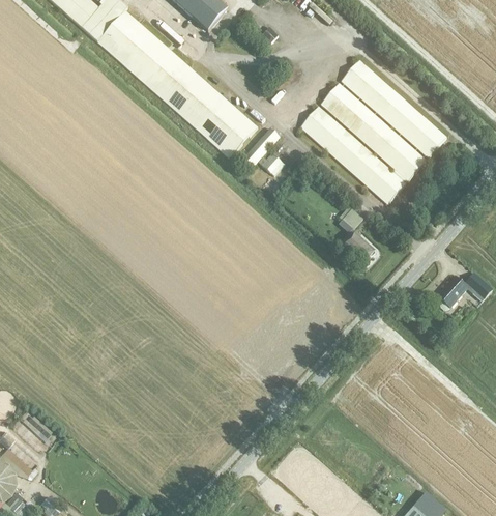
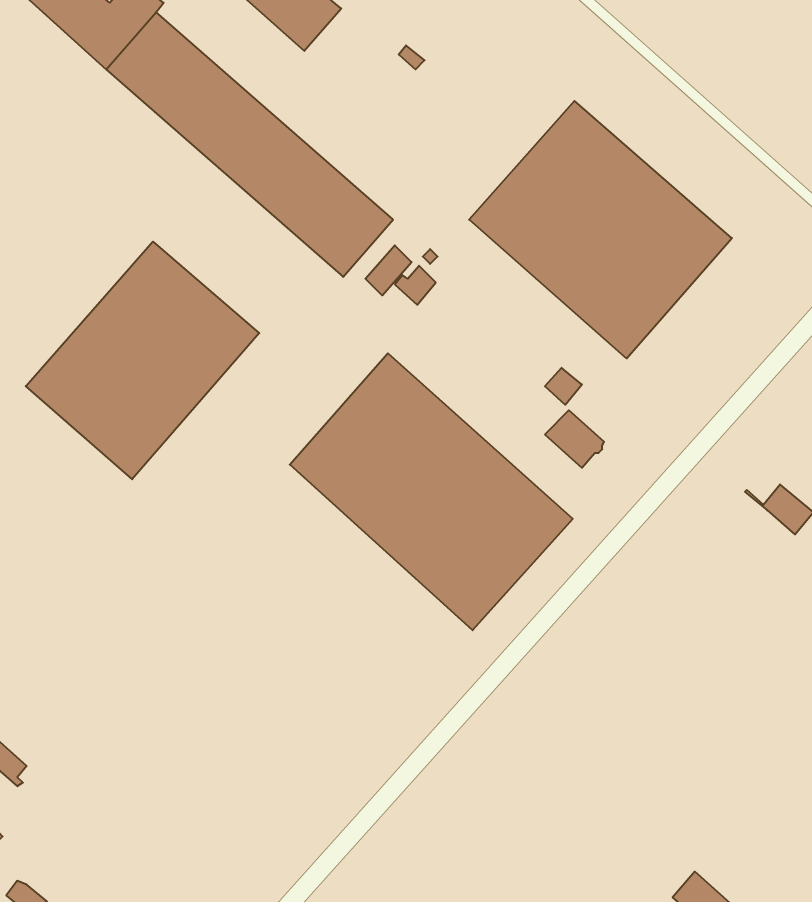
building: none -> [26,242,259,479]
building: none -> [290,353,573,630]
building: [437,279,466,308] -> none

